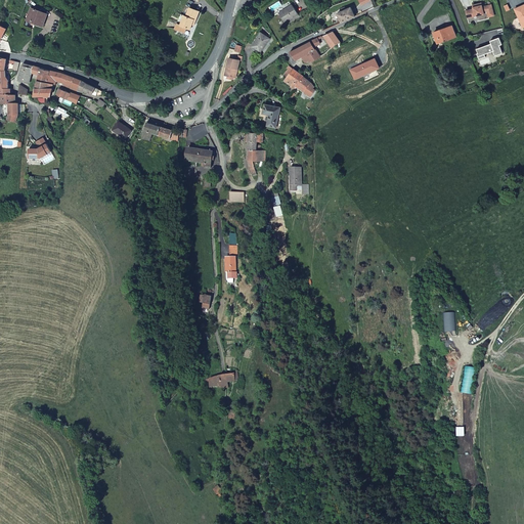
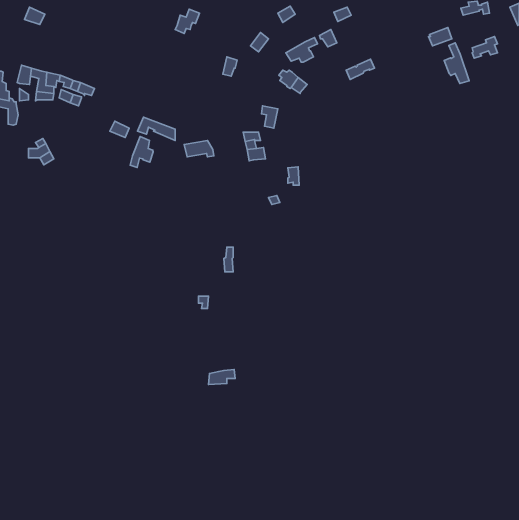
building: none -> [444,43,469,83]
building: none -> [130,137,153,167]

